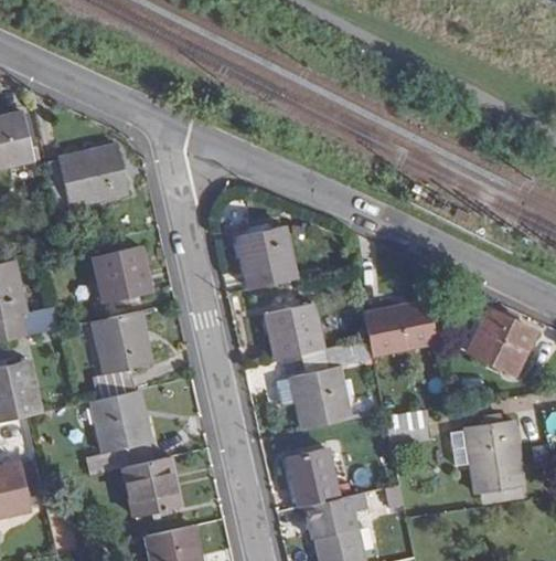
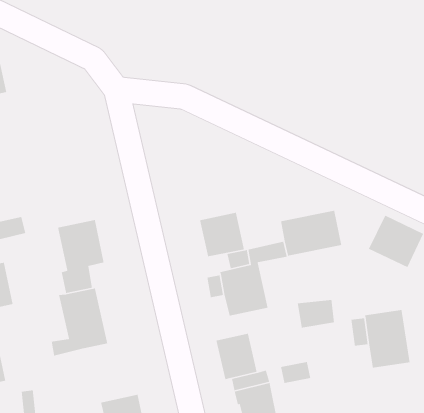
building: [45,148,129,207] -> none
building: [235,225,295,288] -> none
building: [95,247,150,301] -> none
building: [125,459,180,519] -> none

